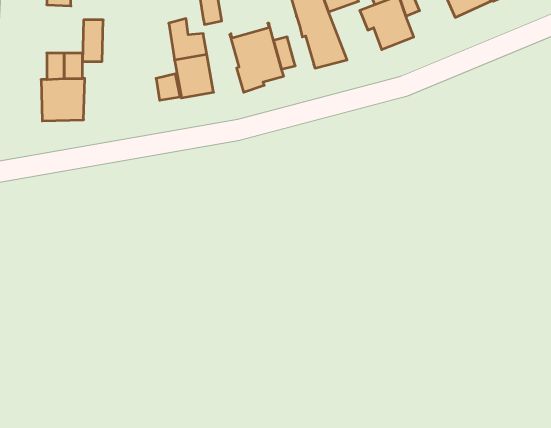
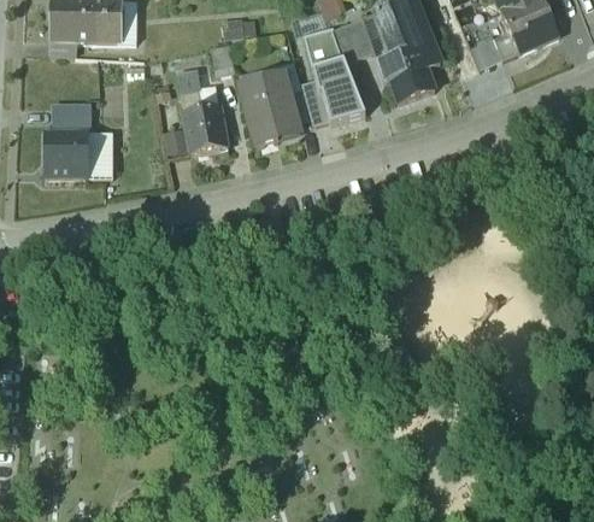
building: [82,20,103,61] -> [89,133,111,176]
building: none -> [300,78,330,123]

